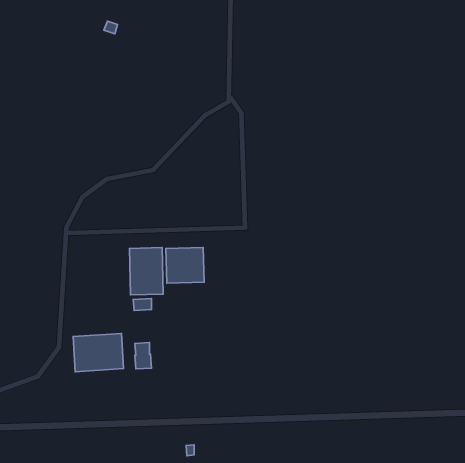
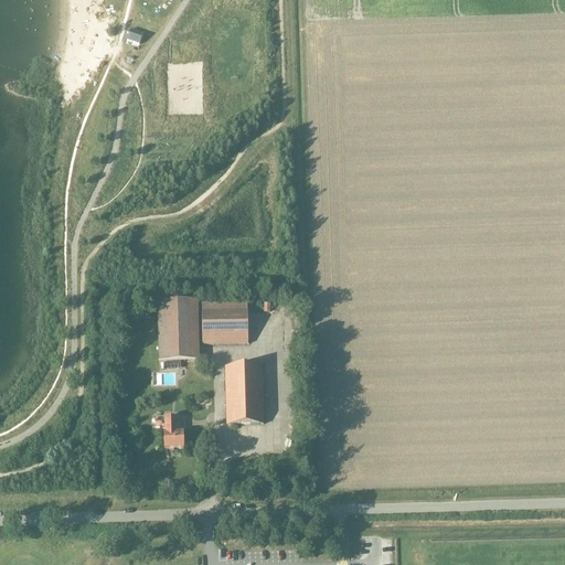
building: none -> [226,363,264,422]
building: [73,333,124,372] -> none

